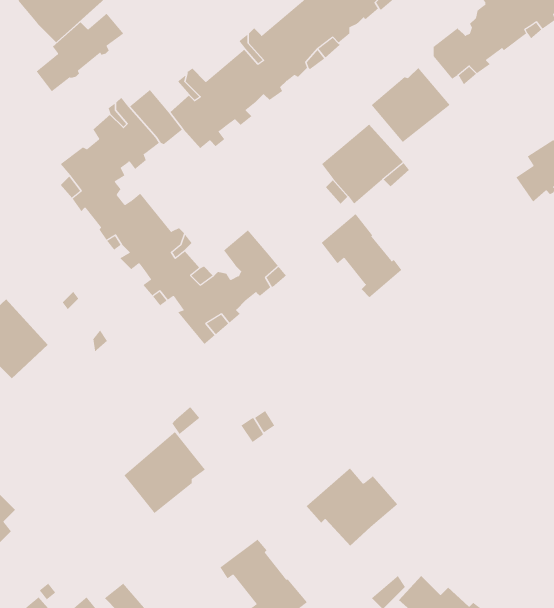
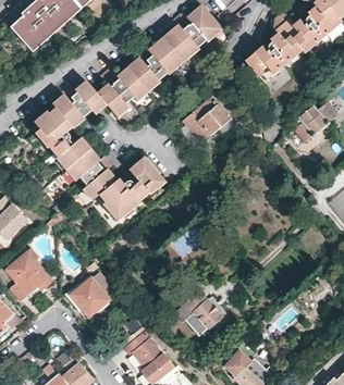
building: [36,13,124,92] -> none
building: [371,67,451,143] -> none
building: [321,213,402,298] -> none
building: none -> [7,250,52,302]

